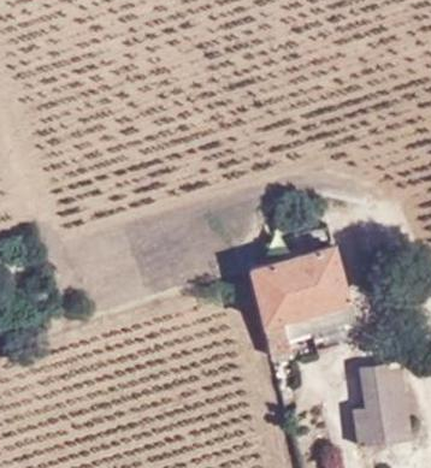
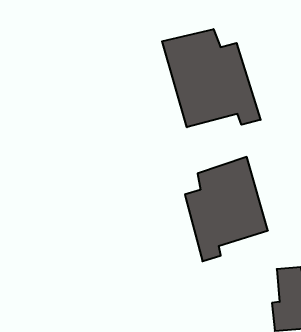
building: none -> [162,29,261,127]

